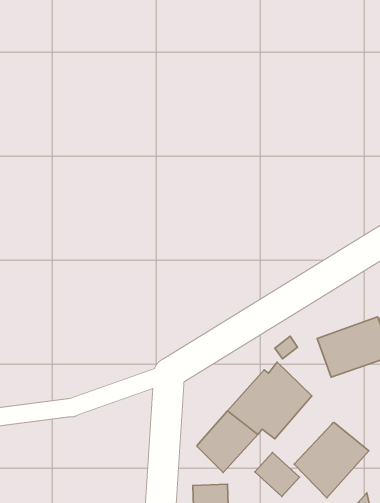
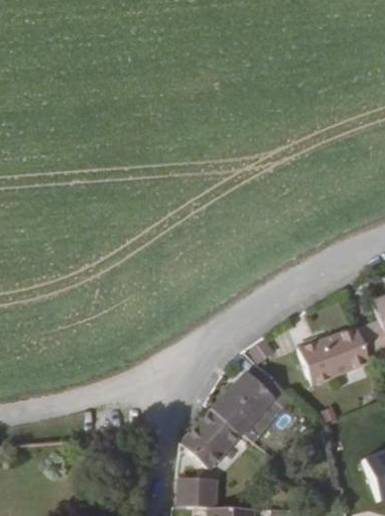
building: [294,423,369,498] -> none
building: [255,452,300,496] -> none

